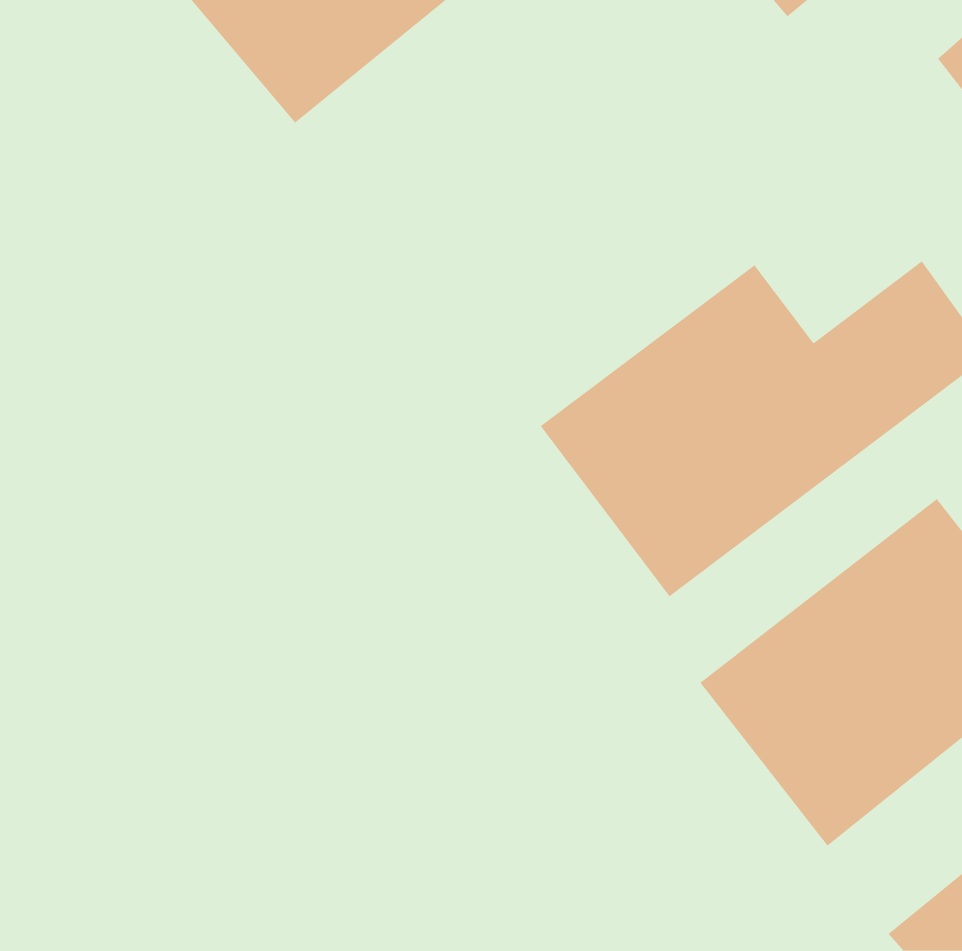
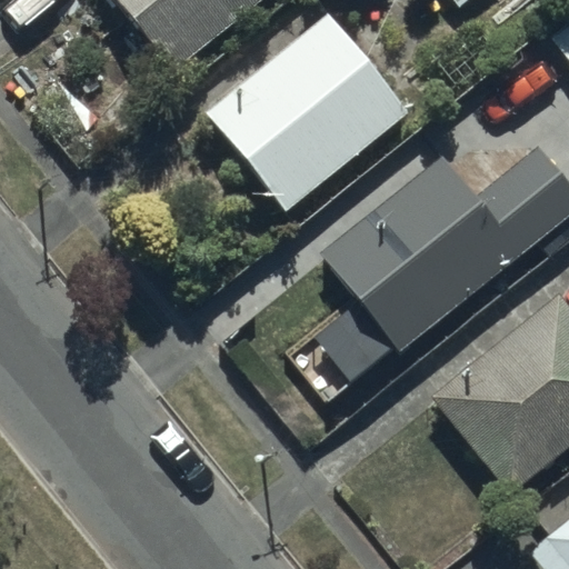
building: none -> [209,12,415,213]

